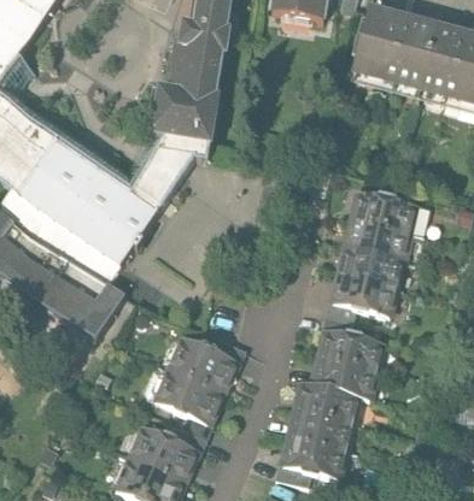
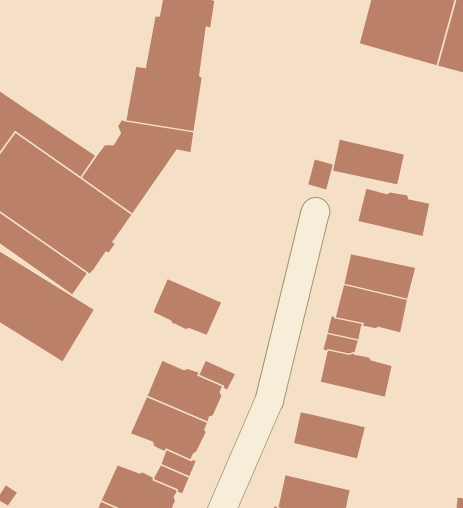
building: [346,219,409,259] -> [332,139,405,185]
building: none -> [153,278,222,336]
building: [314,358,376,399] -> none
building: [289,411,352,450] -> none

